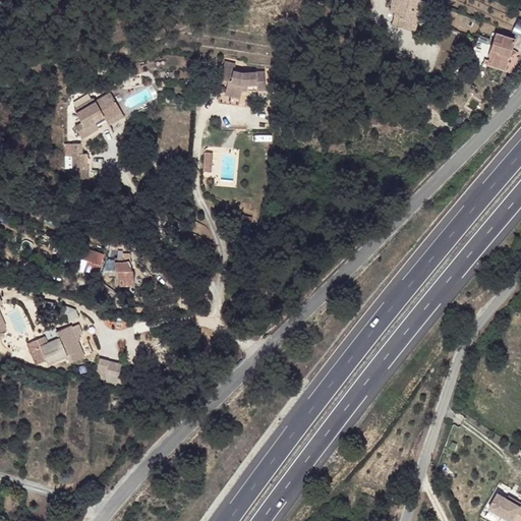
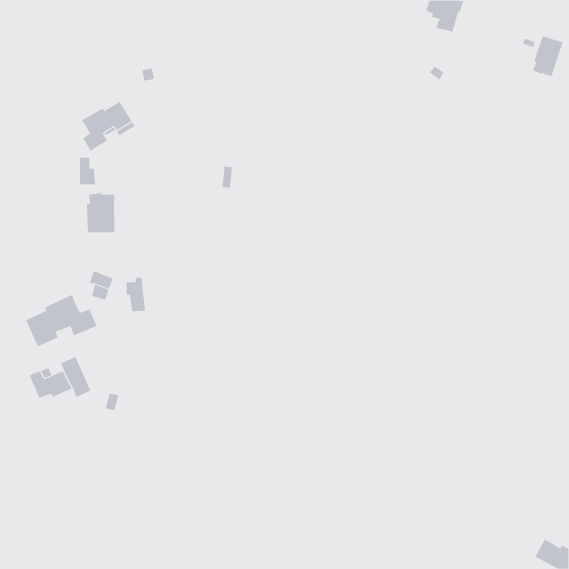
building: [221,61,266,98] -> none
building: none -> [87,192,115,233]
building: none -> [26,294,97,347]

